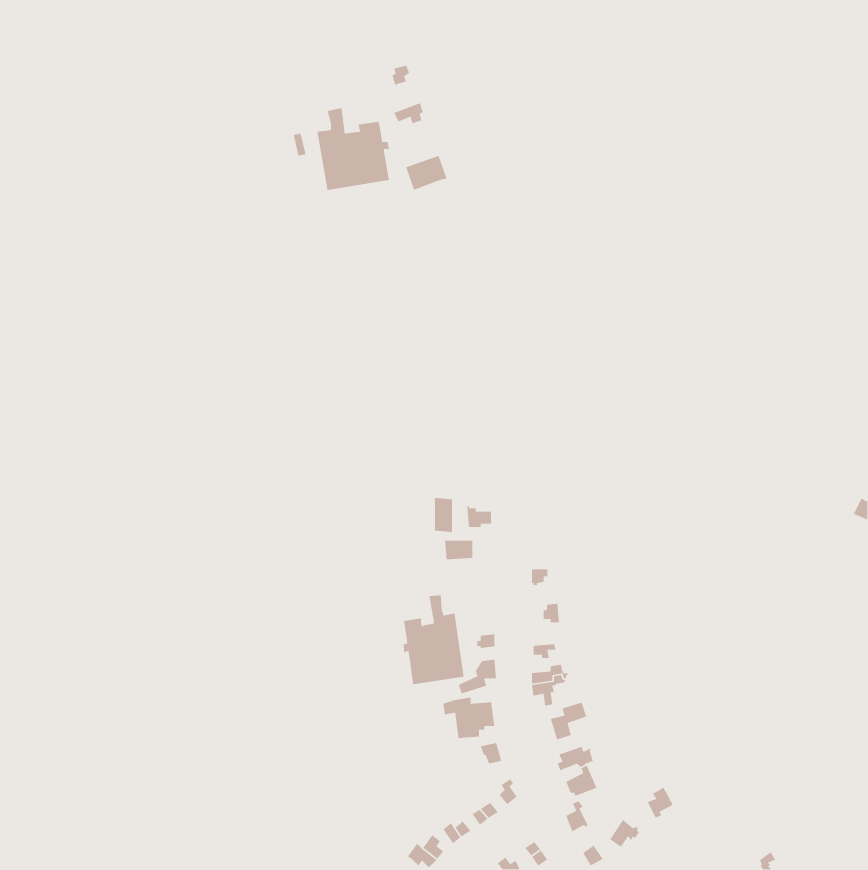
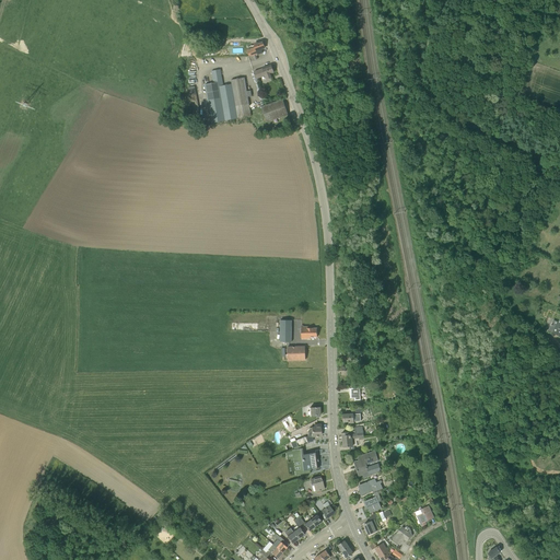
building: [403,594,464,685] -> none

